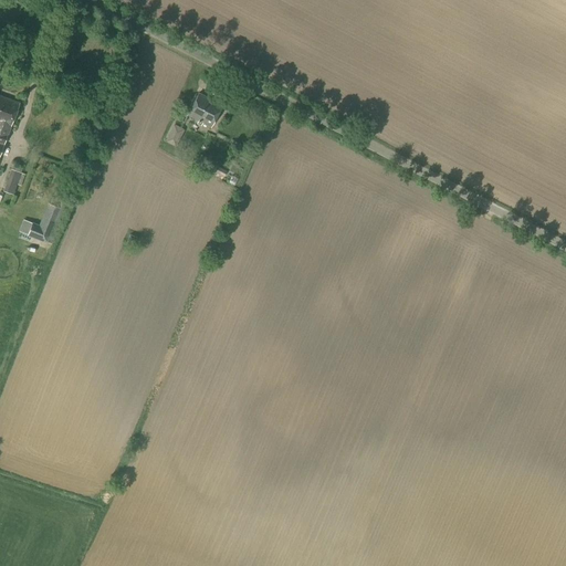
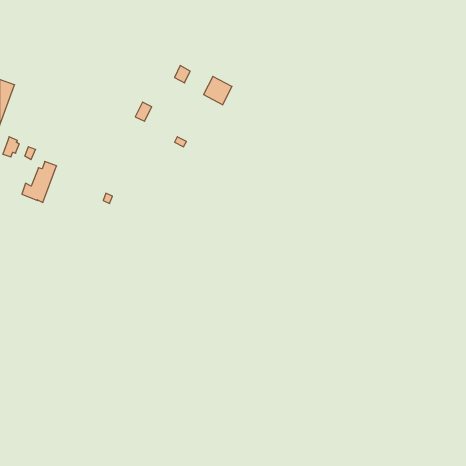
building: [186,94,220,128] -> [204,76,232,105]

